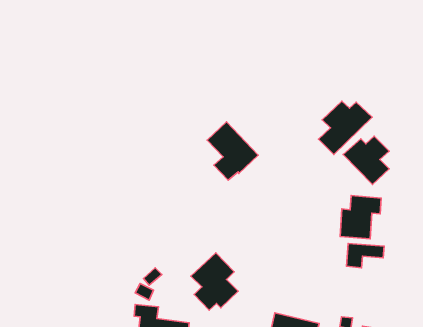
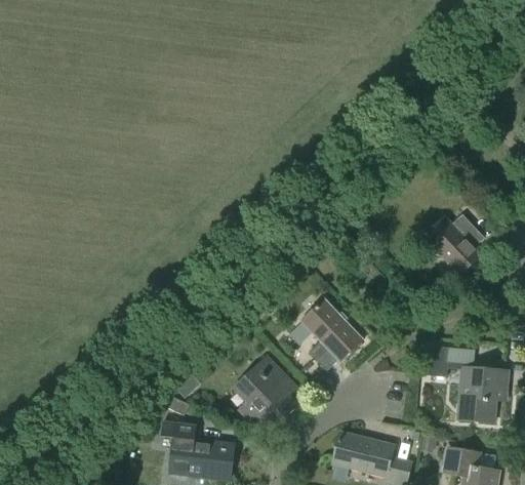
building: [319,101,372,154] -> none
building: [207,122,258,180] -> [300,298,363,370]
building: [340,196,381,239] -> [457,368,508,421]

